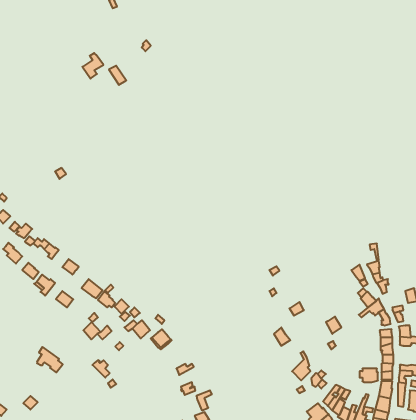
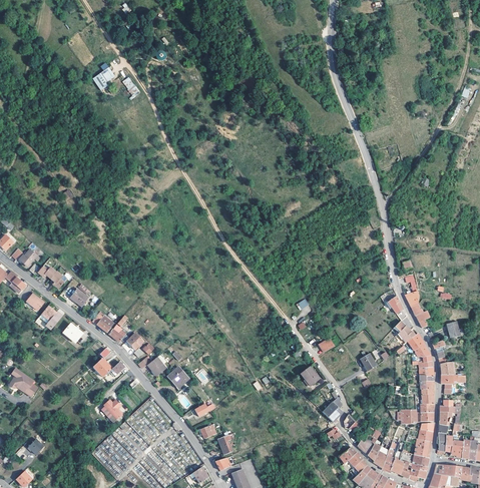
building: [37,347,63,372] -> [9,368,37,396]

